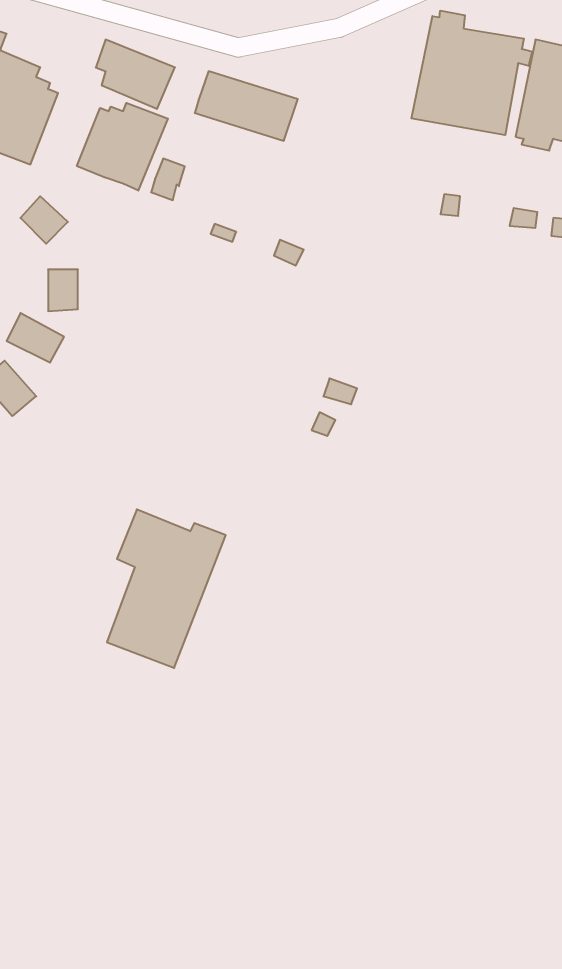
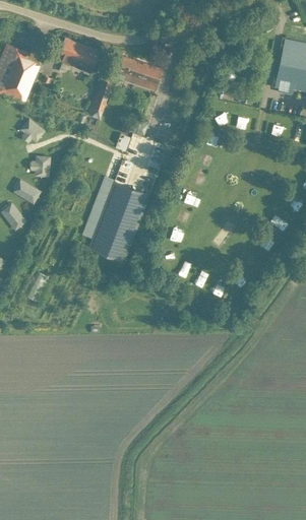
building: [411,11,532,135] -> none
building: [77,103,168,191] -> none
building: [107,509,226,668] -> [87,179,148,260]

